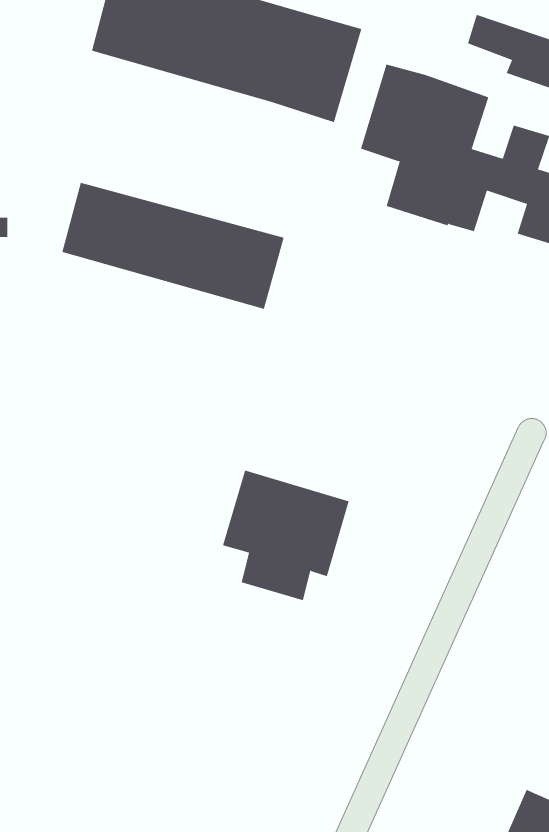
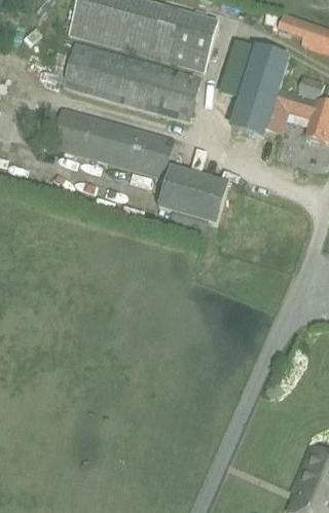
building: none -> [62,39,202,120]
building: [222,470,349,601] -> [157,164,228,237]

